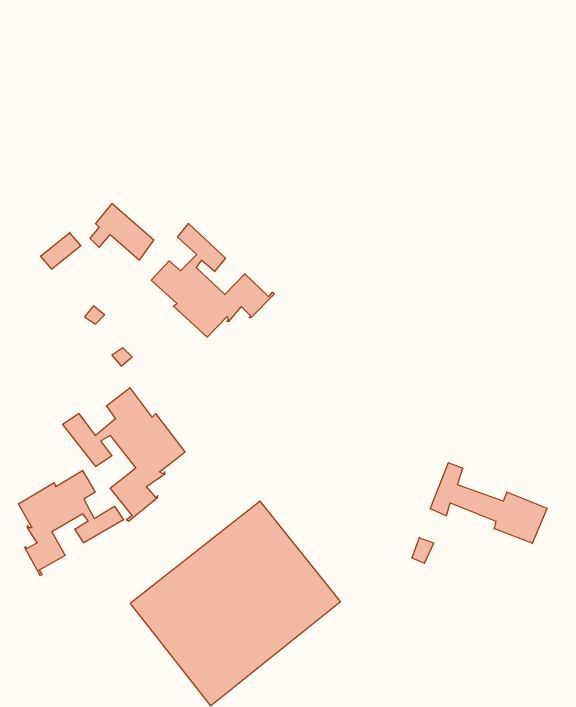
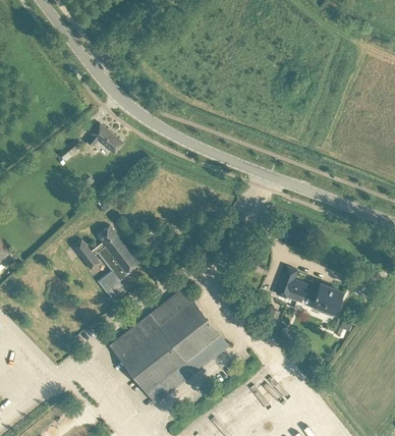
building: [151,224,274,337] -> none
building: [19,470,124,576] -> none

